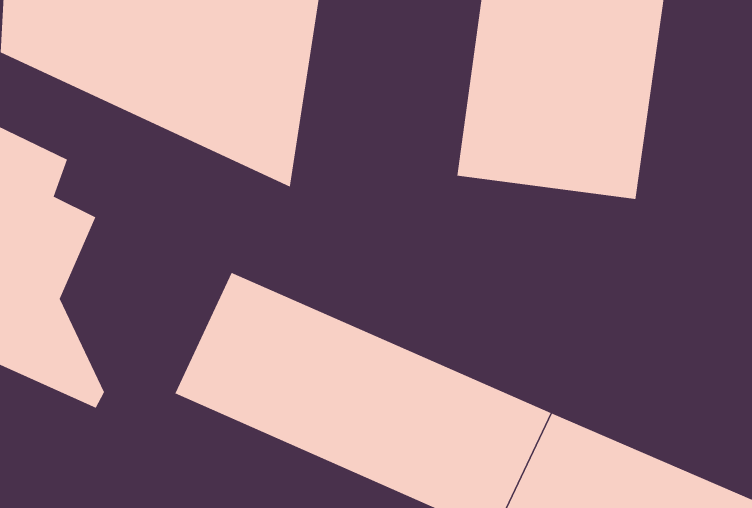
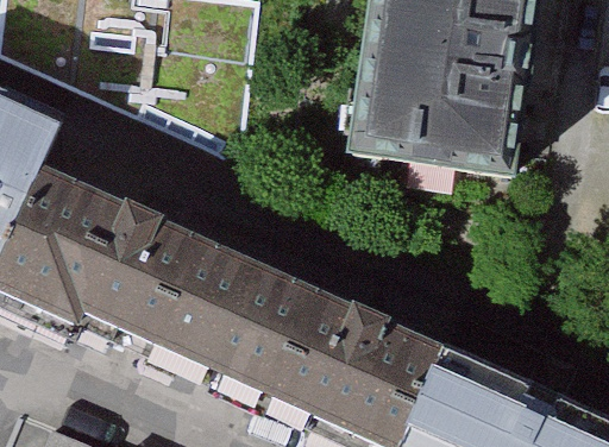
building: none -> [49,187,186,342]

